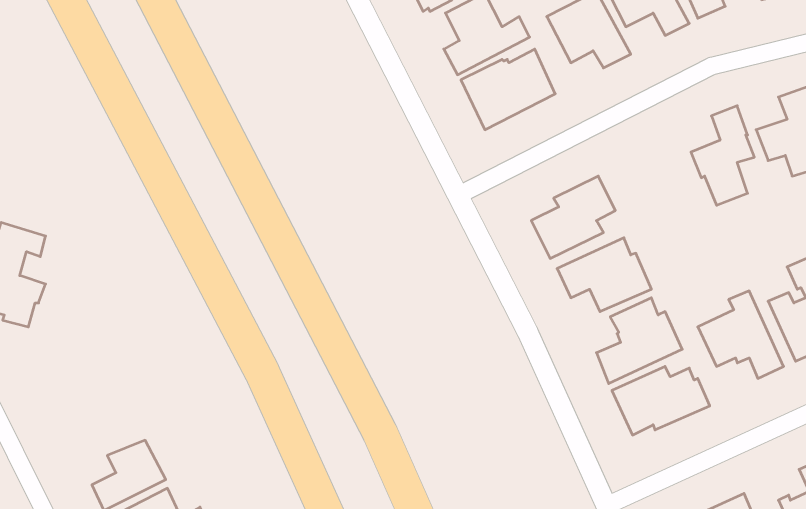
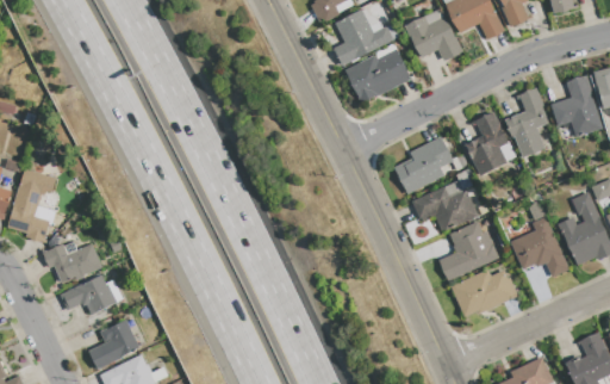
building: none -> [463,111,515,175]
building: none -> [42,243,102,284]
building: none -> [60,274,122,314]

